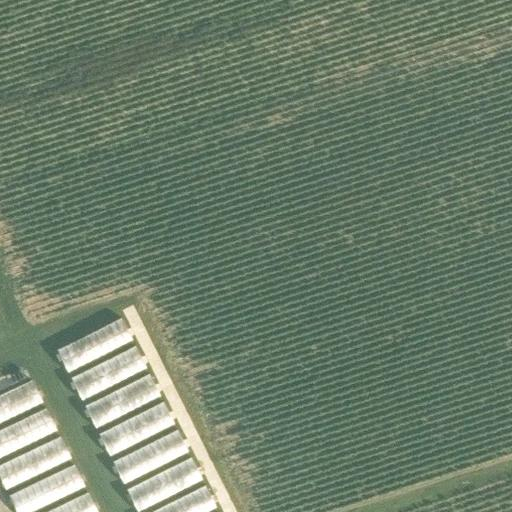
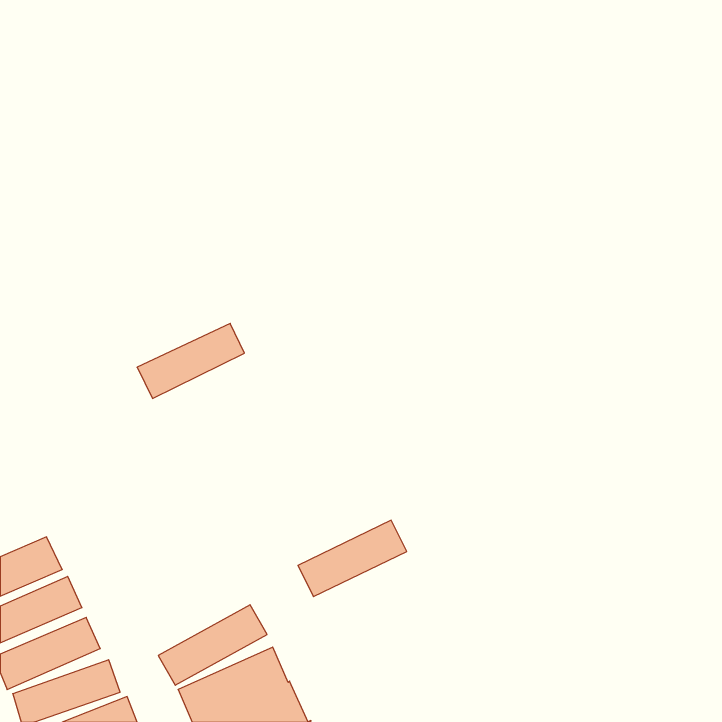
building: [56,318,132,371] -> [137,323,244,398]
building: [71,347,147,399] -> none
building: [85,373,161,428] -> none
building: [98,402,175,456] -> [298,520,407,597]

